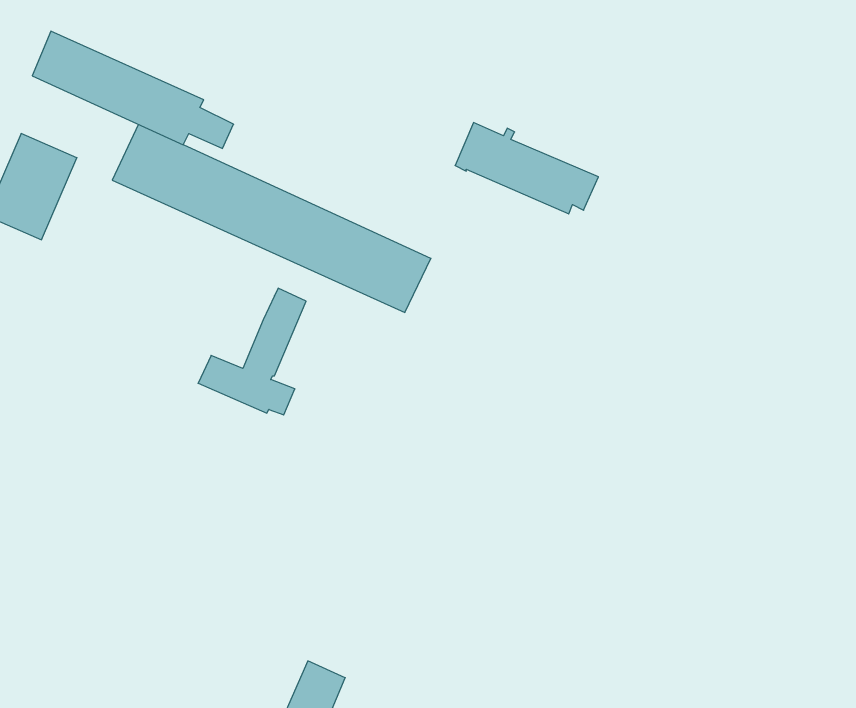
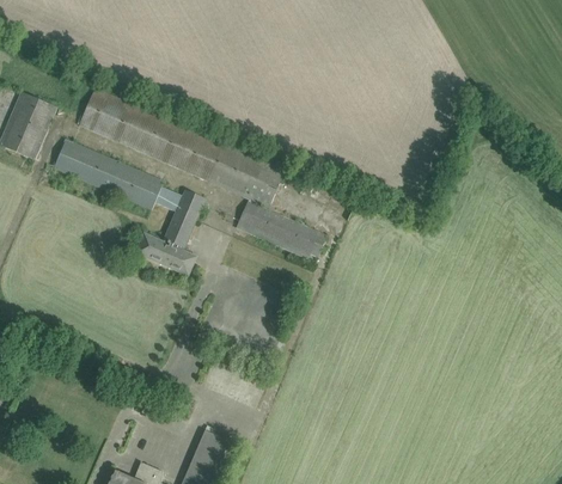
building: [32,31,234,148] -> [53,136,182,212]
building: [455,123,598,214] -> [233,201,325,259]

